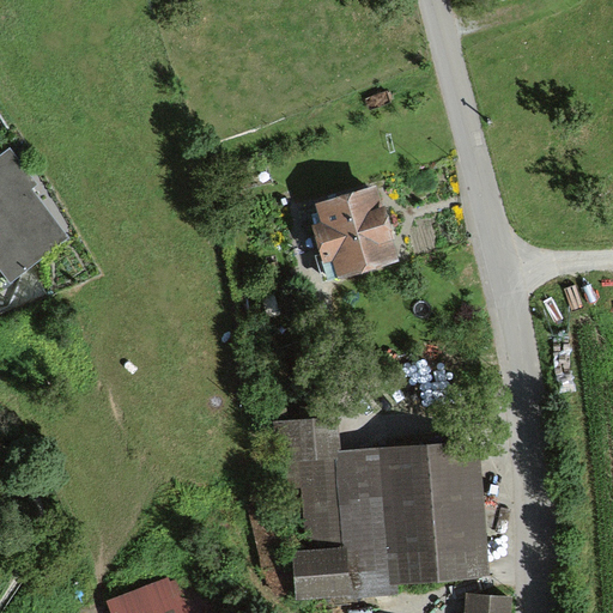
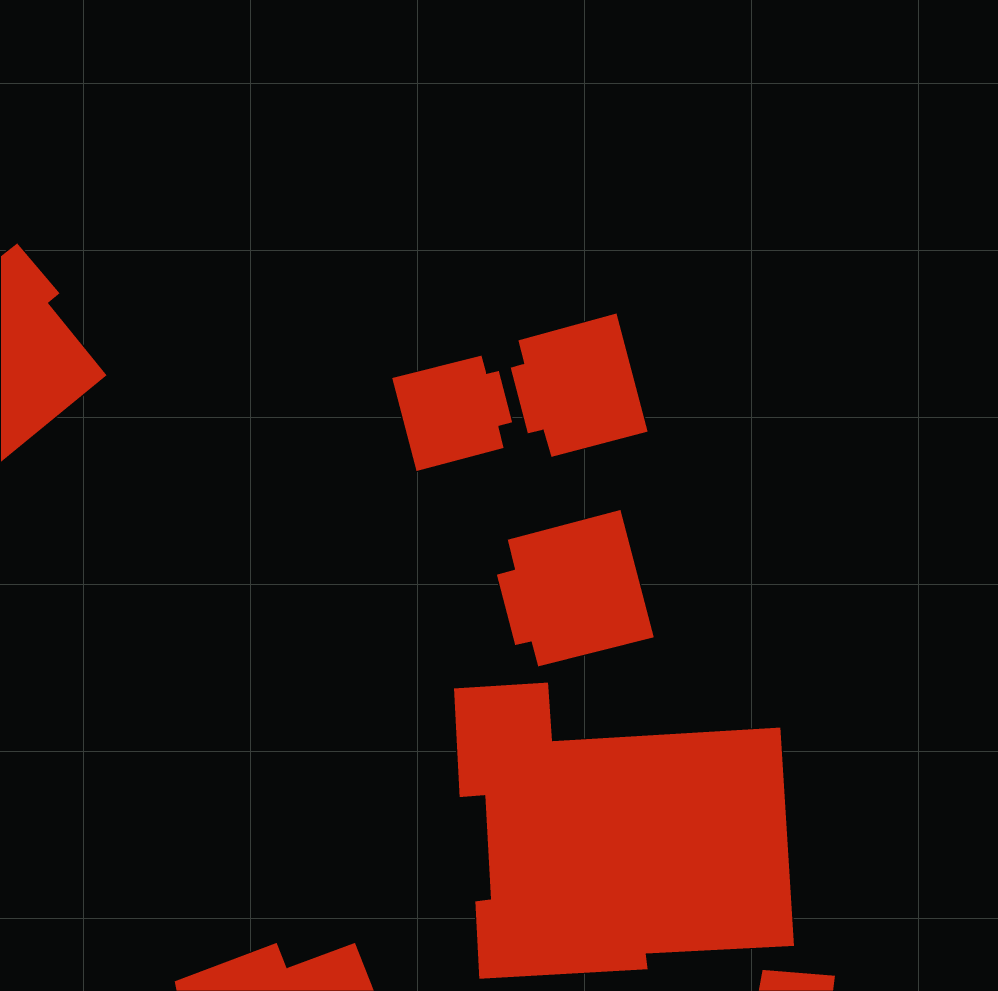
building: none -> [392,355,513,472]
building: none -> [496,509,654,667]

